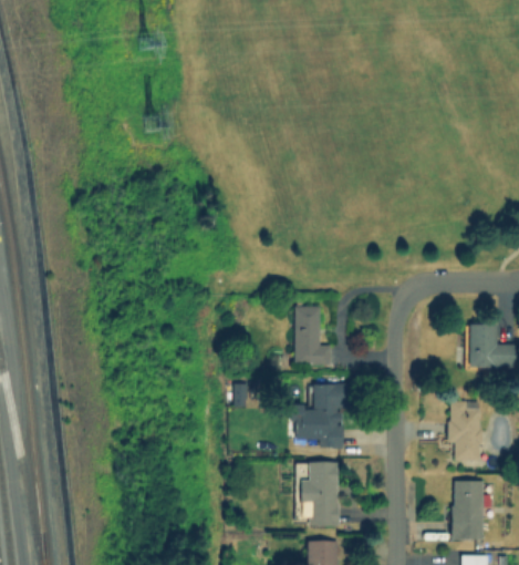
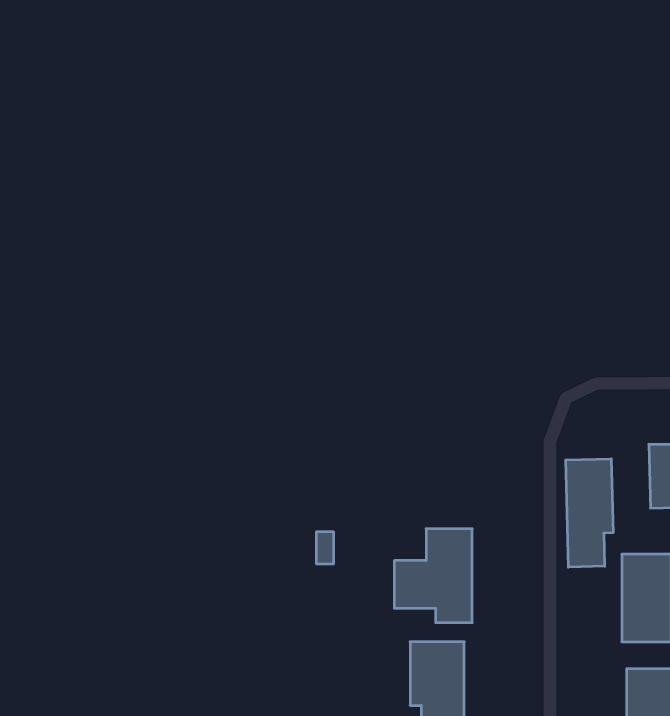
building: [294,306,332,364] -> none
building: none -> [566,459,613,567]

